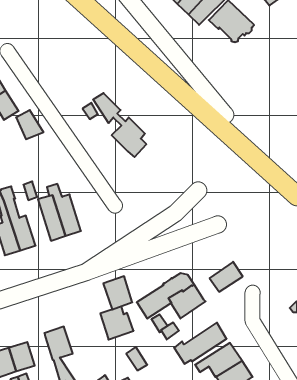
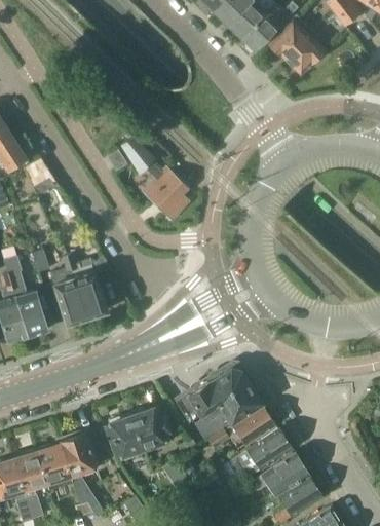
building: [210,262,243,292] -> [232,406,274,444]
building: [103,276,132,310] -> [103,416,140,458]
building: none -> [37,445,69,482]

